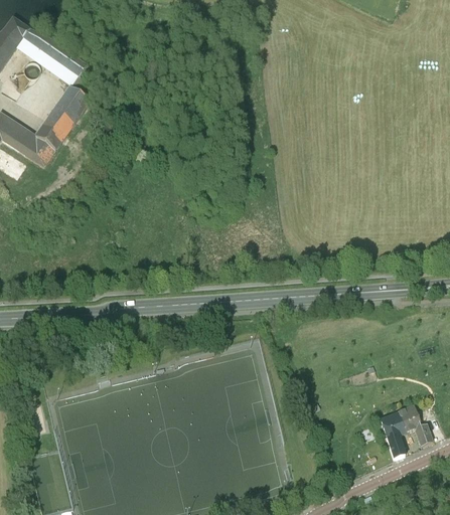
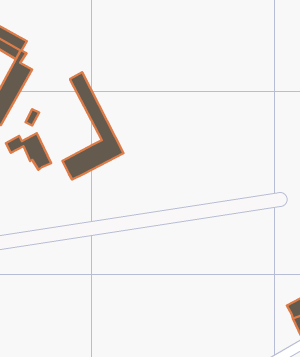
building: none -> [62,72,123,179]
building: none -> [6,133,51,170]

